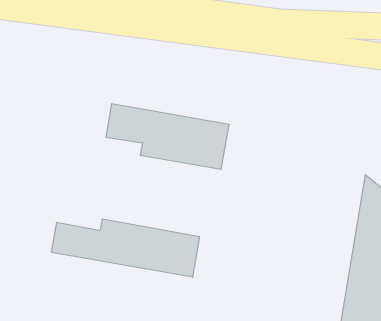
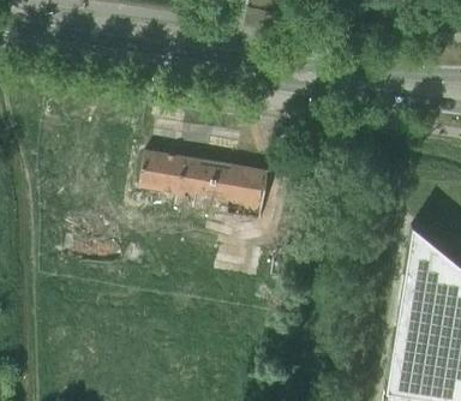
building: [51,219,199,277] -> none

